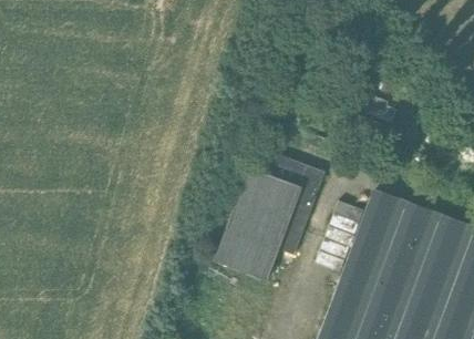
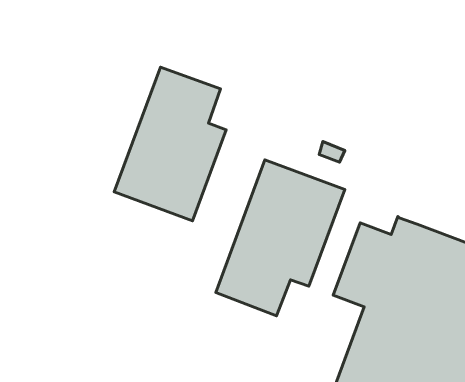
building: none -> [114,67,226,221]

